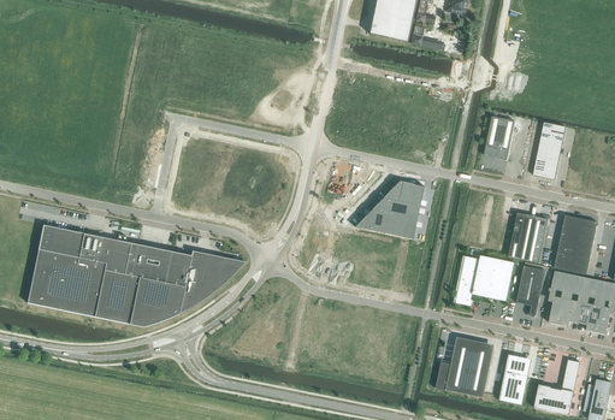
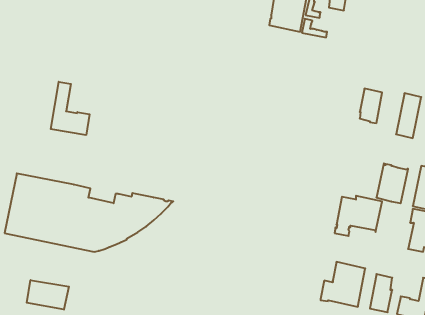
building: none -> [51,82,90,135]
building: [355,181,425,238] -> none
building: [516,265,545,317] -> none
building: none -> [27,280,69,310]

